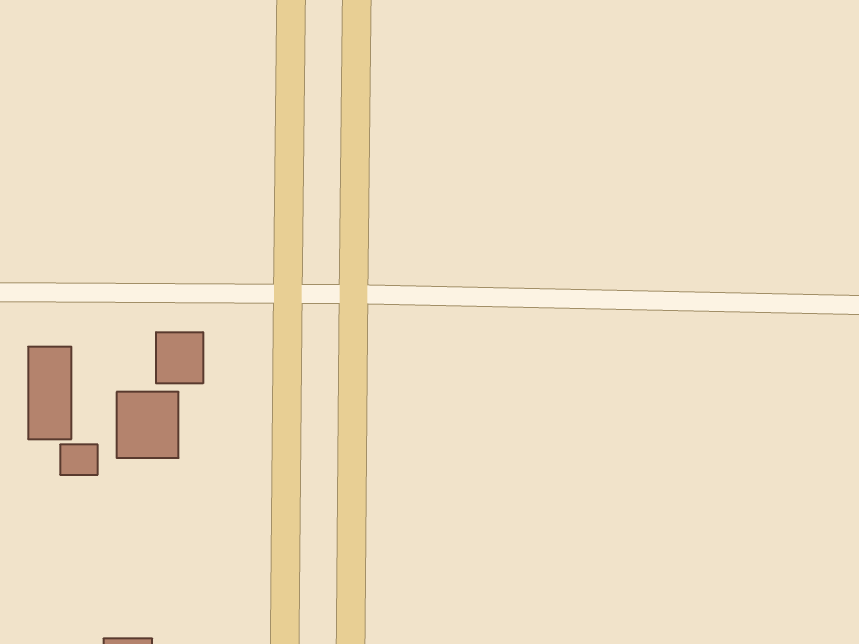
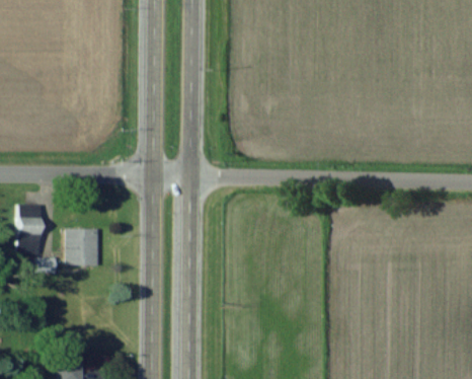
building: [156,332,203,383] -> none

